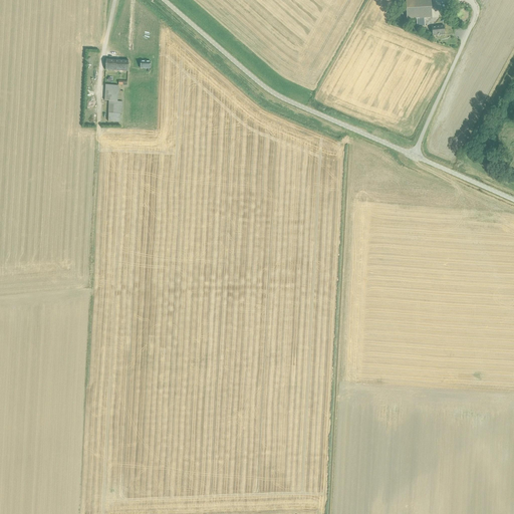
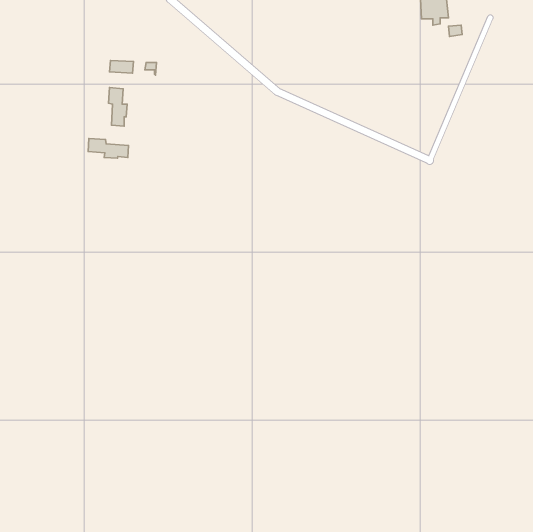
building: none -> [88,139,128,158]

